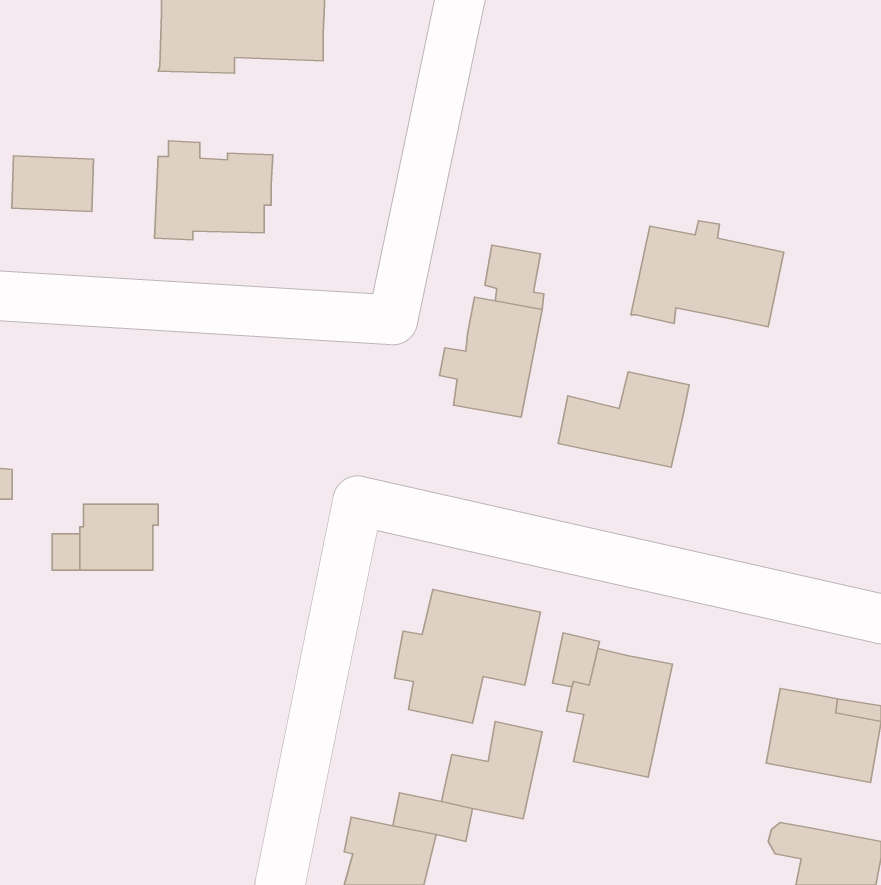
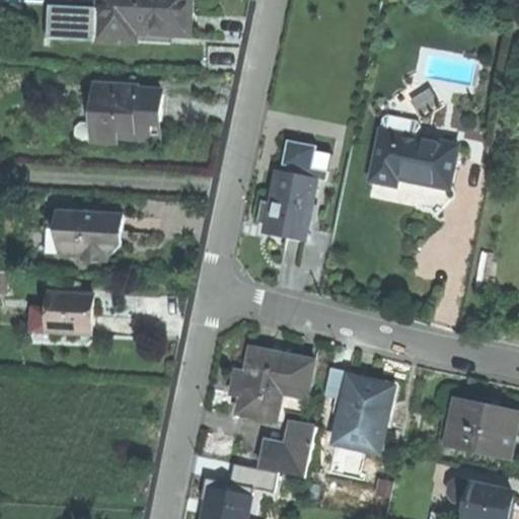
building: [12,156,93,211] -> [47,6,94,39]
building: none -> [55,209,122,262]
building: [558,372,689,467] -> none

